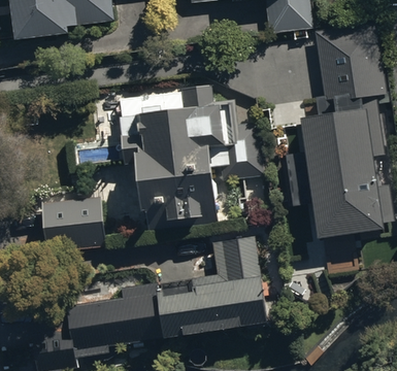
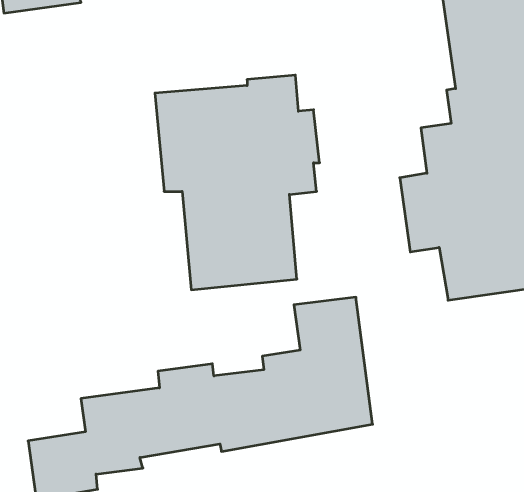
building: [43,196,106,250] -> none

